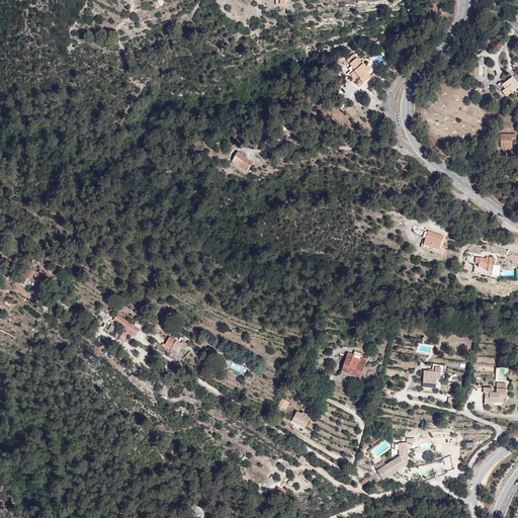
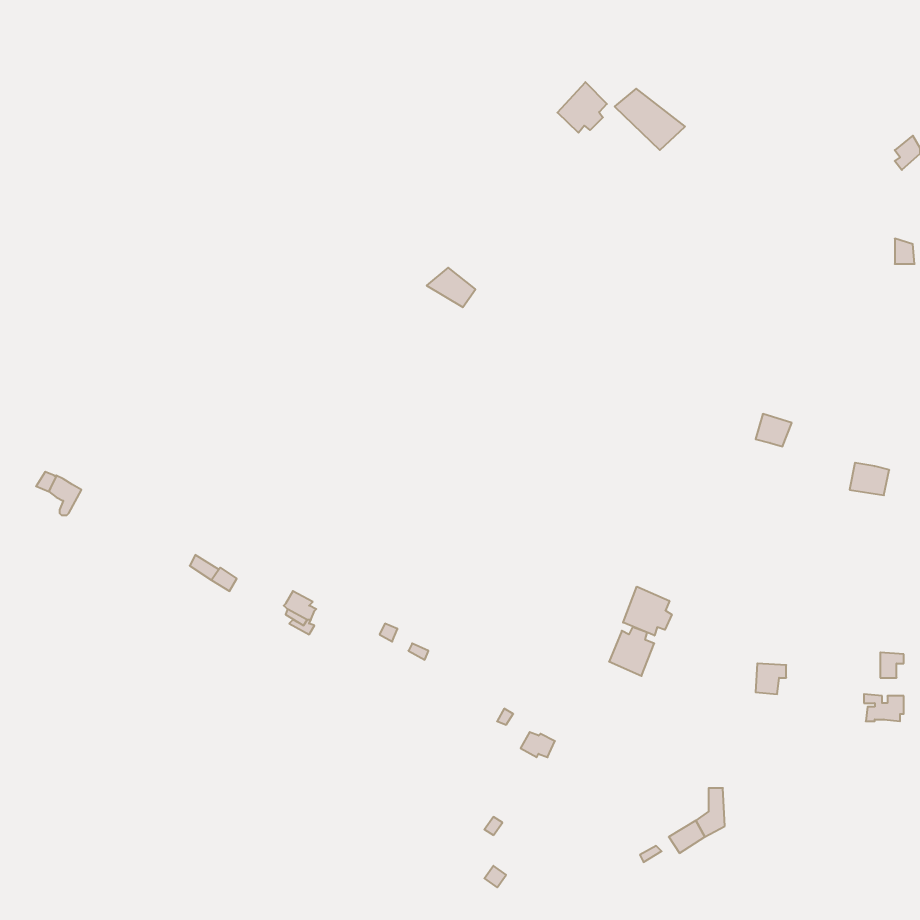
building: none -> [557,82,607,133]
building: none -> [623,587,672,636]

